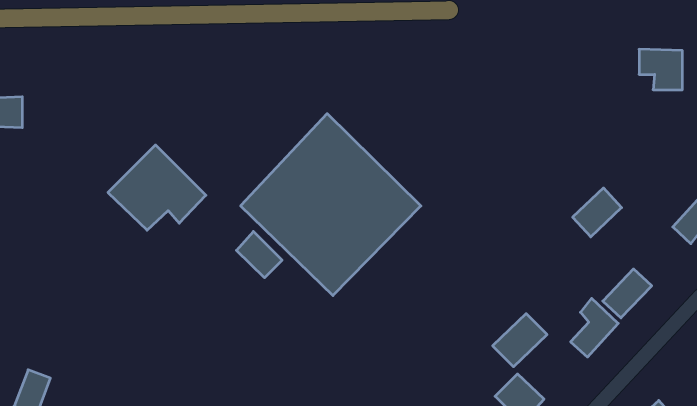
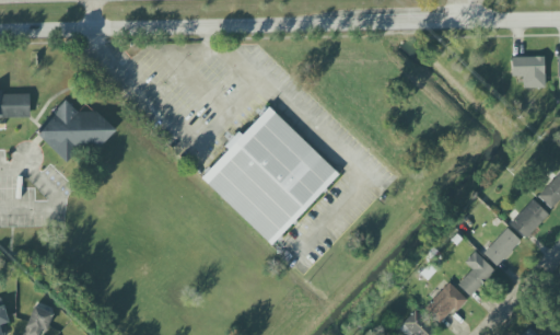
building: [108,145,206,230] -> [35,93,112,160]
building: [573,188,622,237] -> [511,198,549,236]
building: [236,231,282,278] -> none
building: [493,314,547,367] -> [424,281,467,323]

